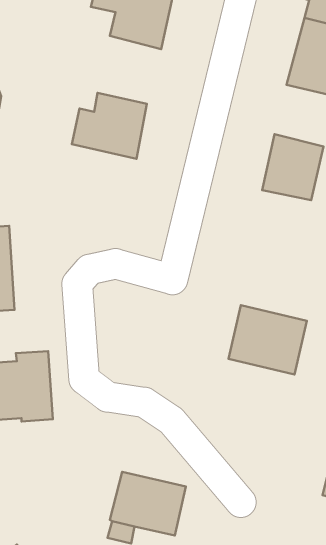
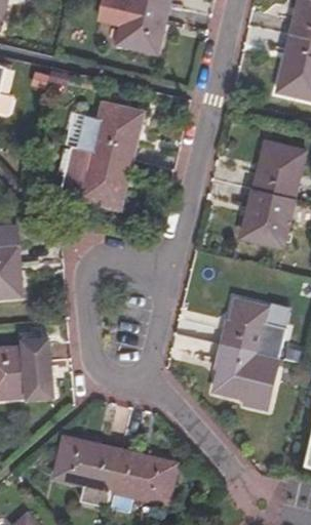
building: none -> [59,144,135,209]
building: none -> [239,188,296,247]
building: none -> [208,342,280,409]
building: none -> [50,432,122,508]

